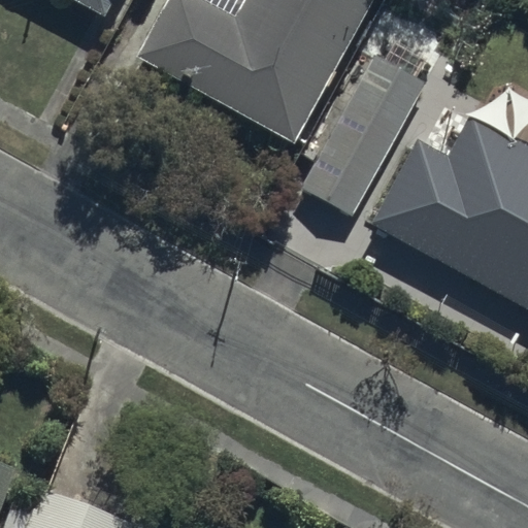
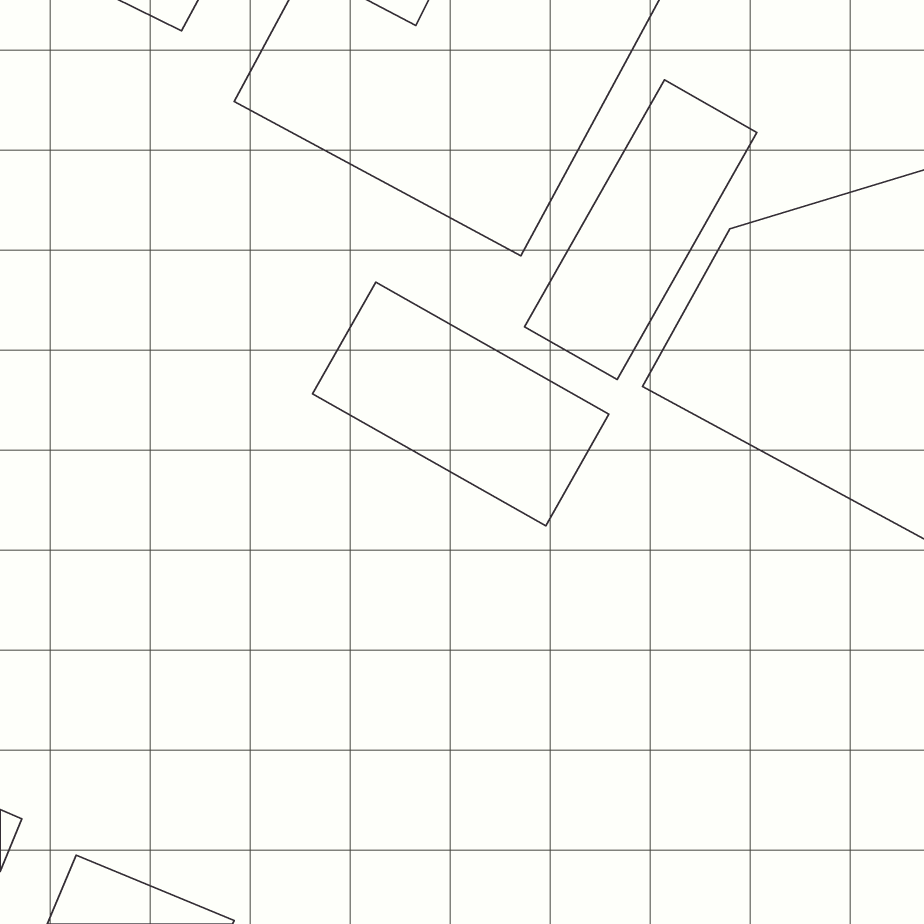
building: none -> [313,282,609,526]

